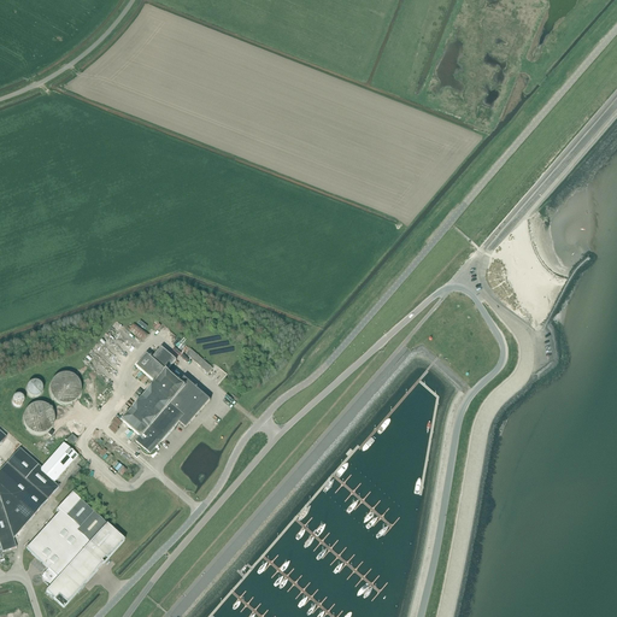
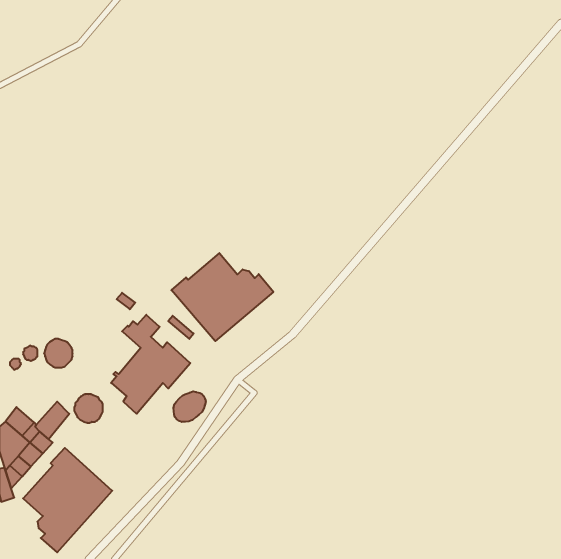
building: none -> [171,253,273,341]
building: [22,401,53,433] -> [74,394,103,423]
building: none -> [174,391,206,422]

